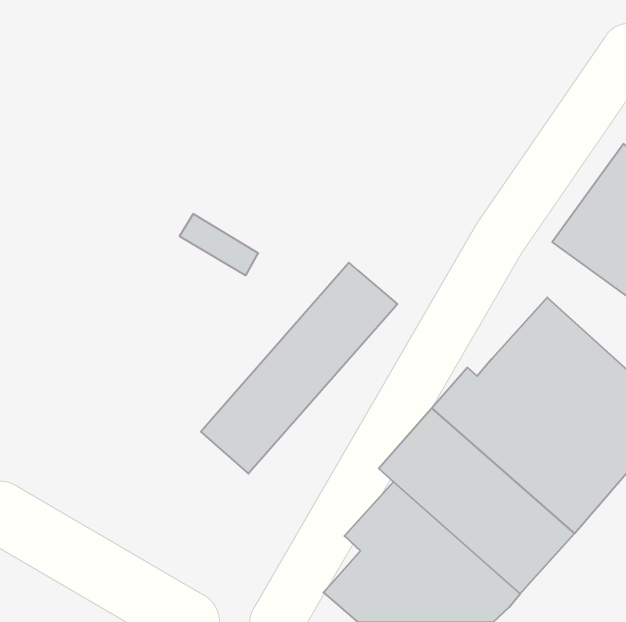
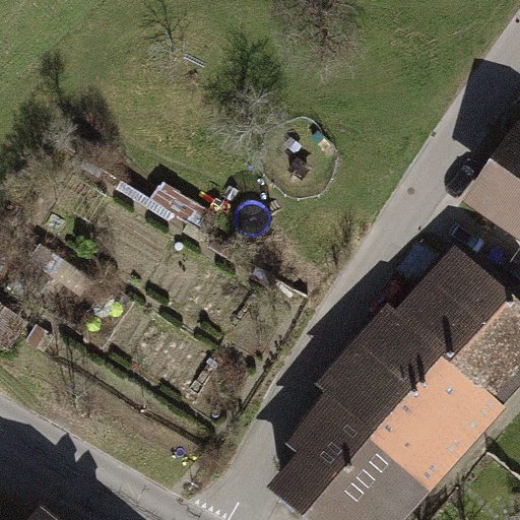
building: [201,263,397,474] -> none

